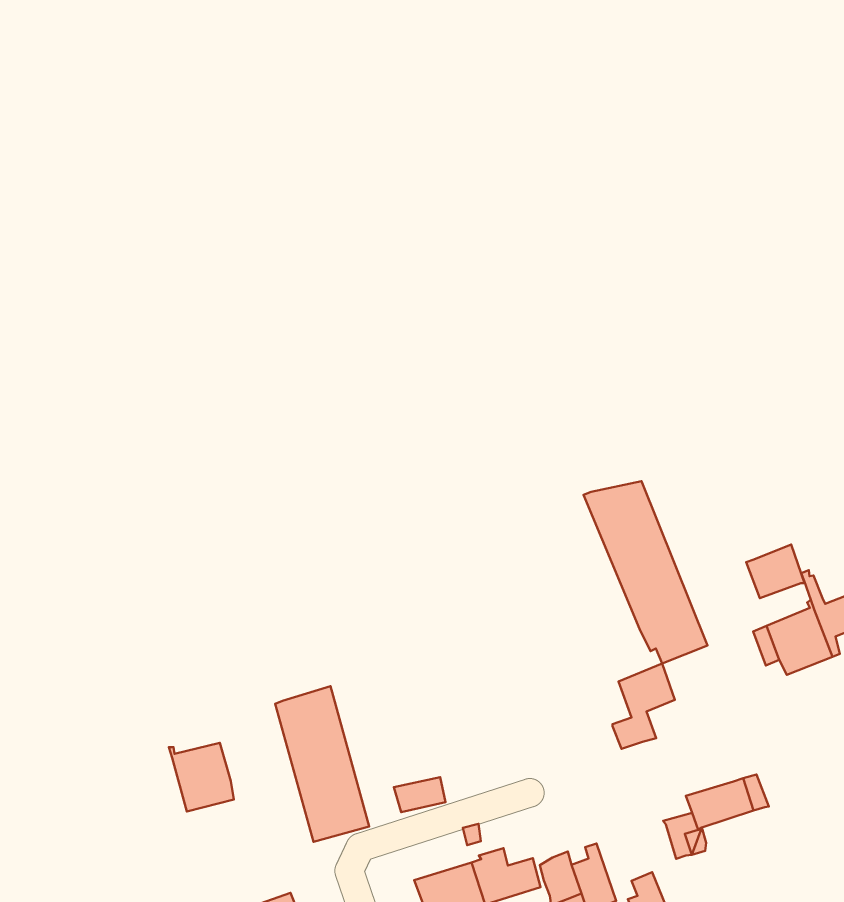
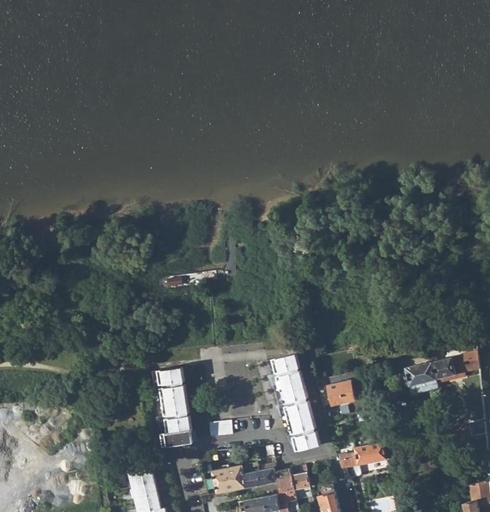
building: [584,481,707,664] -> [267,358,319,451]
building: [746,544,805,598] -> none
building: [169,743,234,812] -> none

